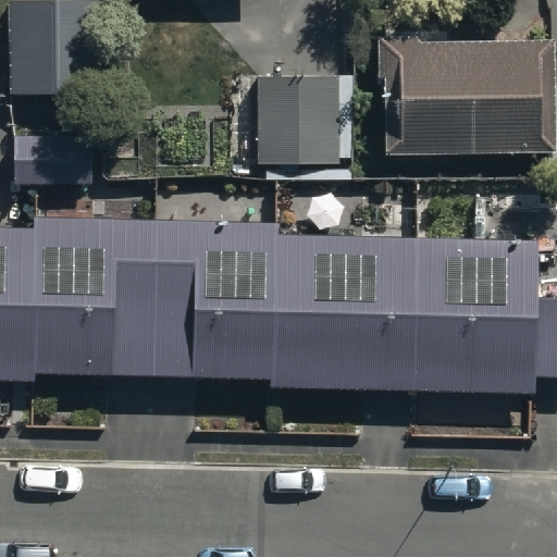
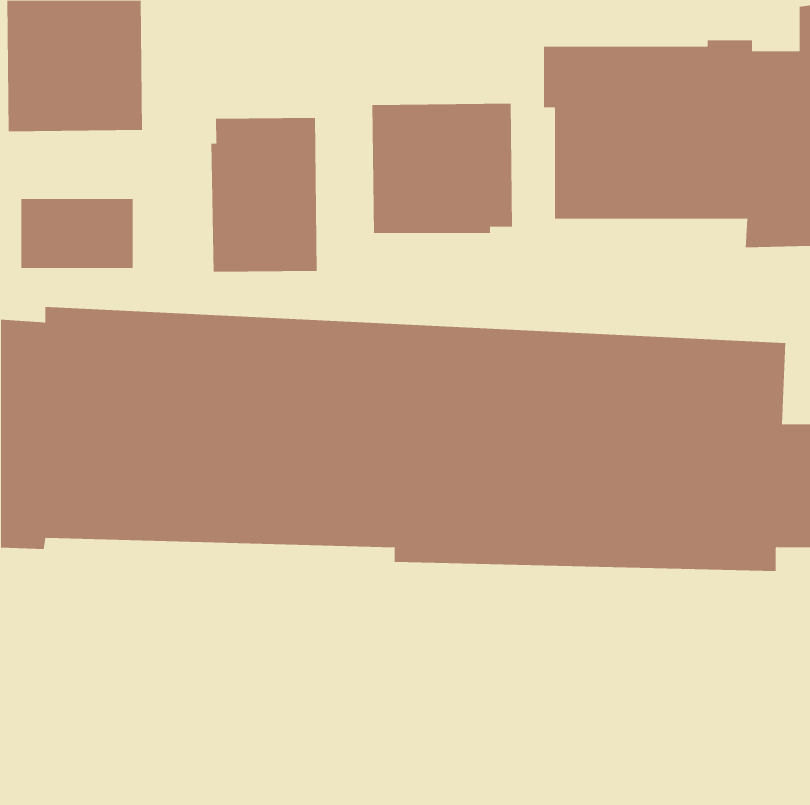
building: none -> [211,117,317,273]

